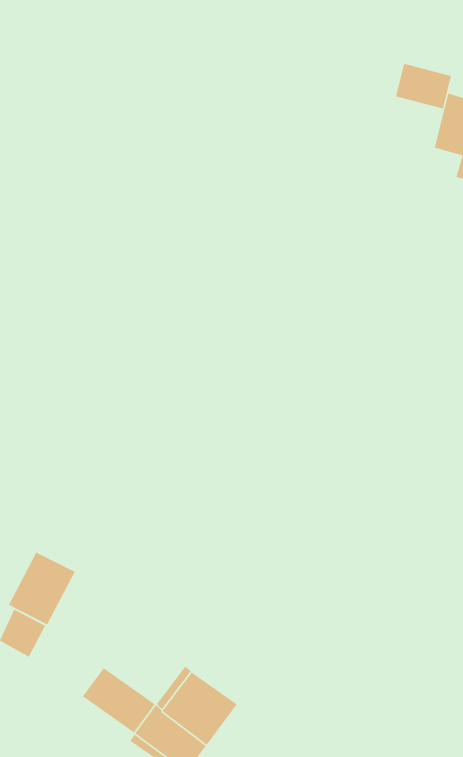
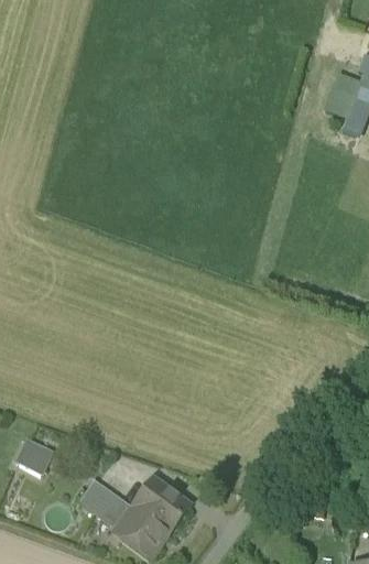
building: [395,63,452,110] -> none
building: [8,551,76,625] -> none

